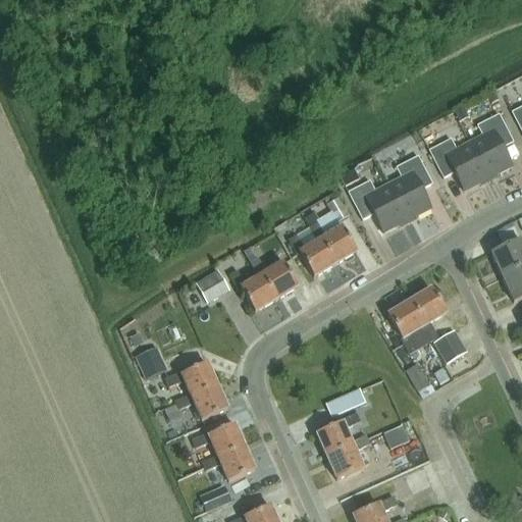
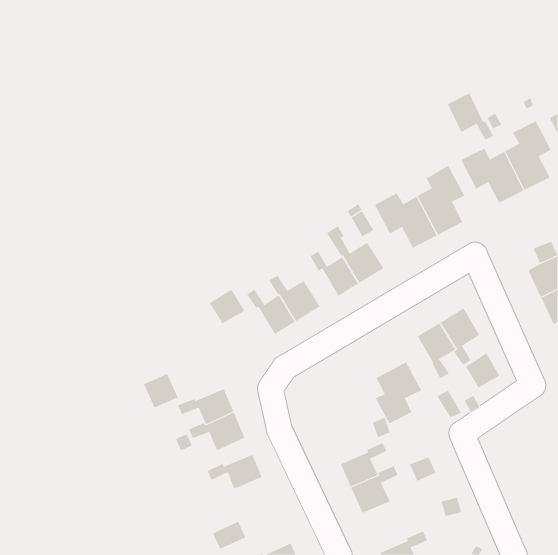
building: none -> [447,92,494,140]
building: none -> [375,361,422,424]
building: [201,445,256,480] -> none

